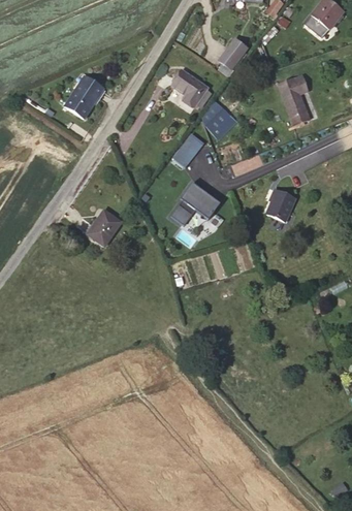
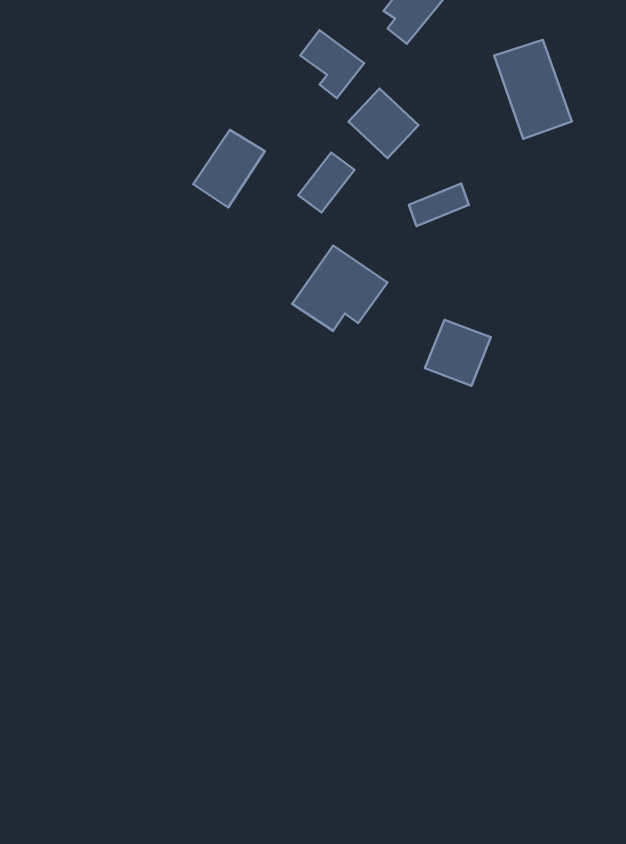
building: [65,75,103,117] -> [193,130,265,207]
building: [261,188,296,223] -> [425,320,491,386]
building: [87,209,120,244] -> none

